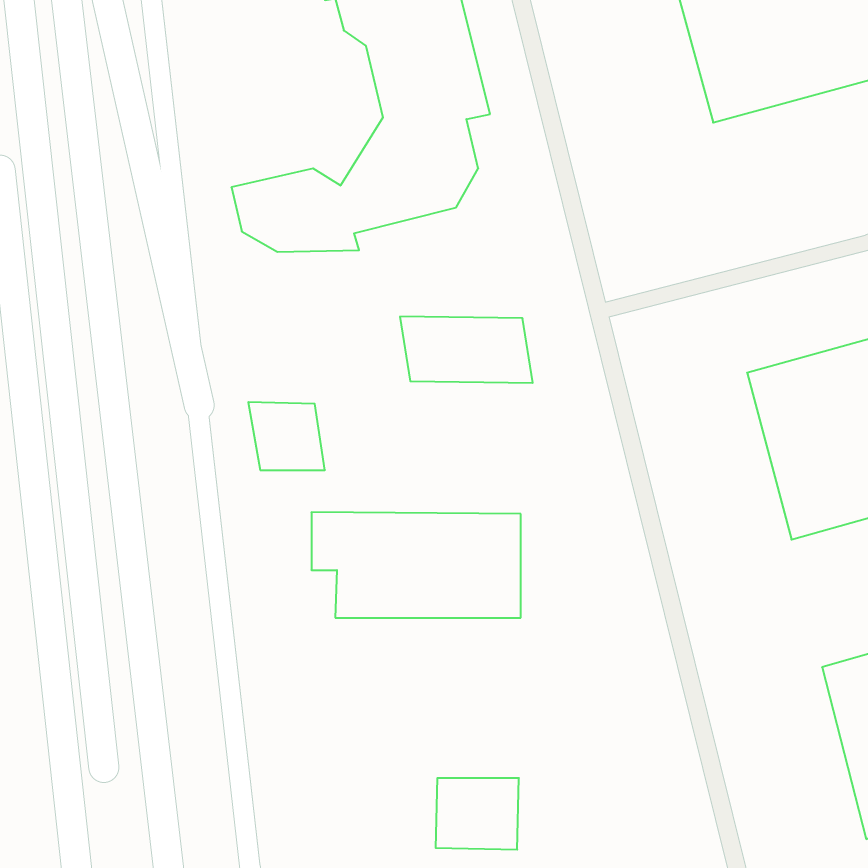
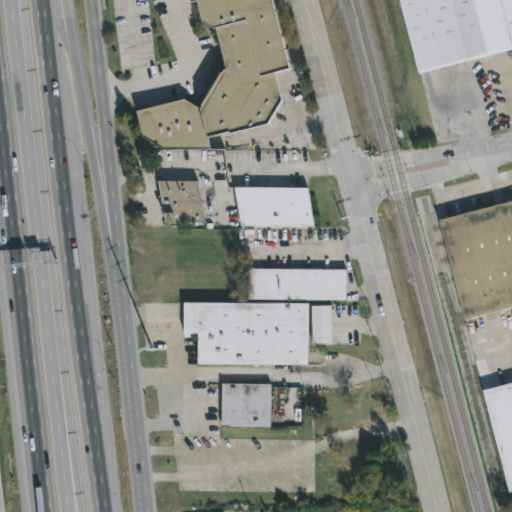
building: [248,402,325,470] -> [160,180,205,220]
building: none -> [249,268,345,299]
building: none -> [312,304,332,341]
building: [436,778,519,850] -> [221,385,270,427]

